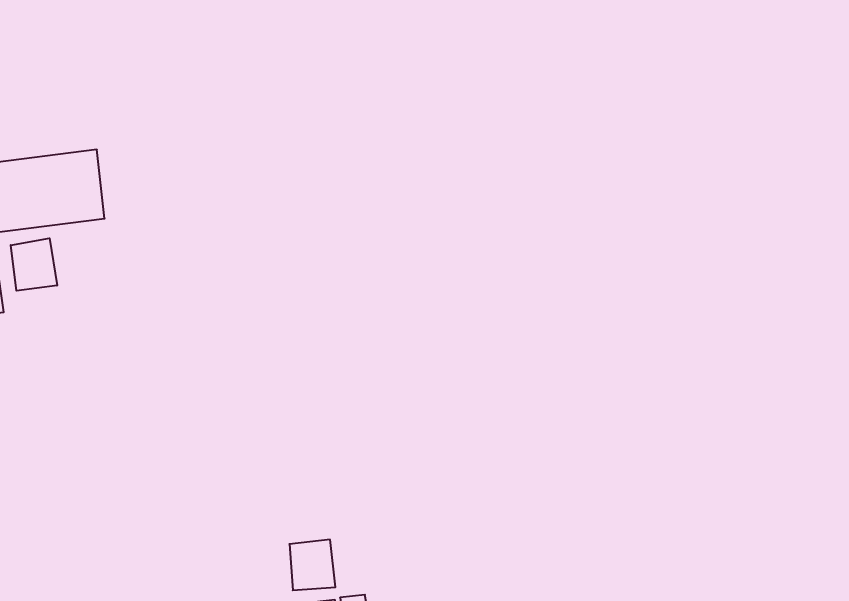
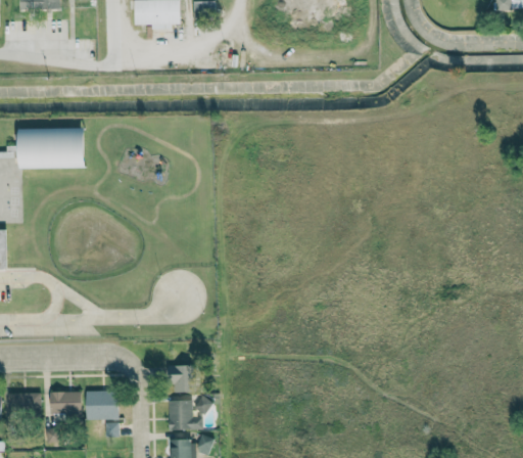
building: [11,238,57,291] -> none

